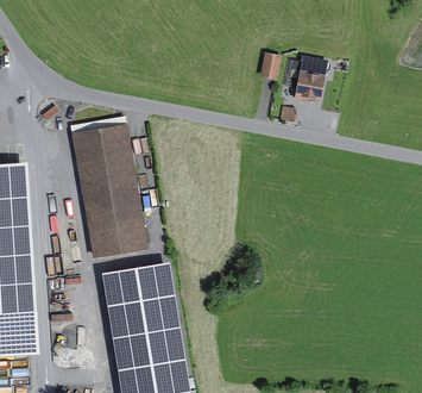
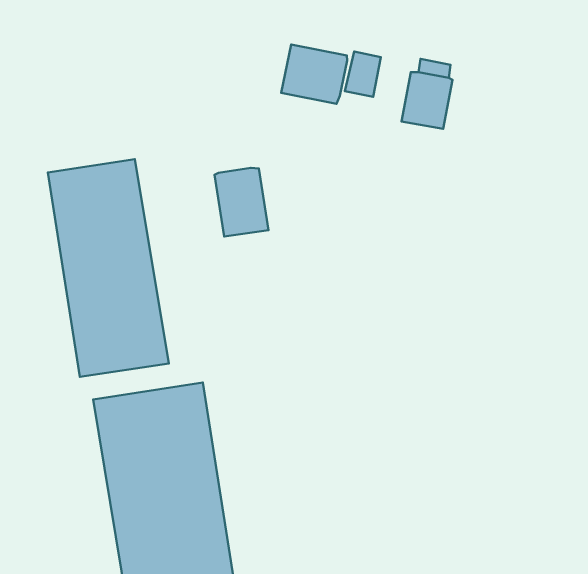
building: none -> [281,45,347,104]
building: none -> [214,168,268,237]

